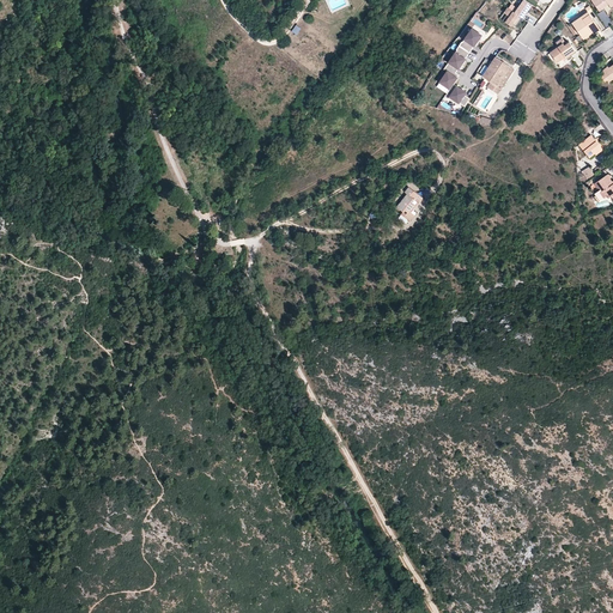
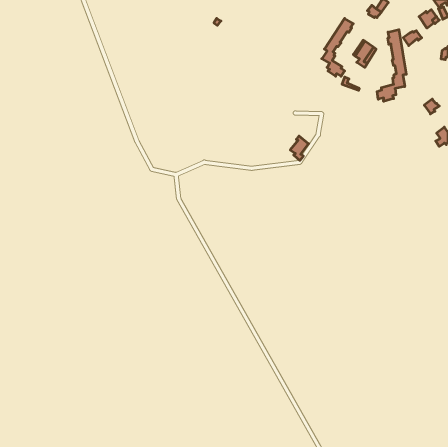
building: none -> [377,30,406,101]

